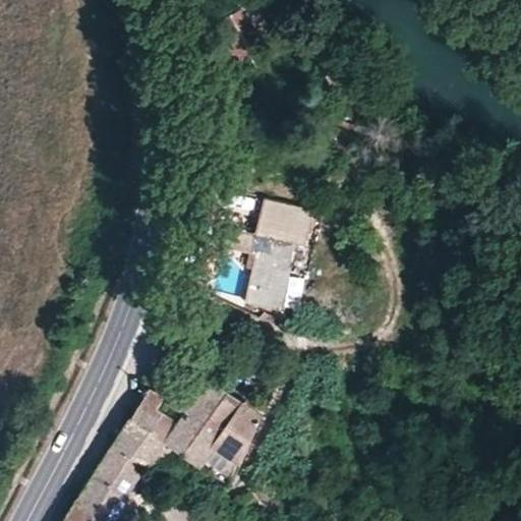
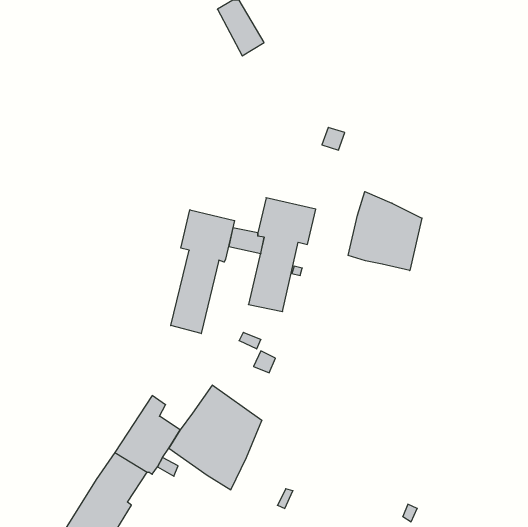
building: none -> [348,192,422,271]
building: none -> [171,210,235,334]

